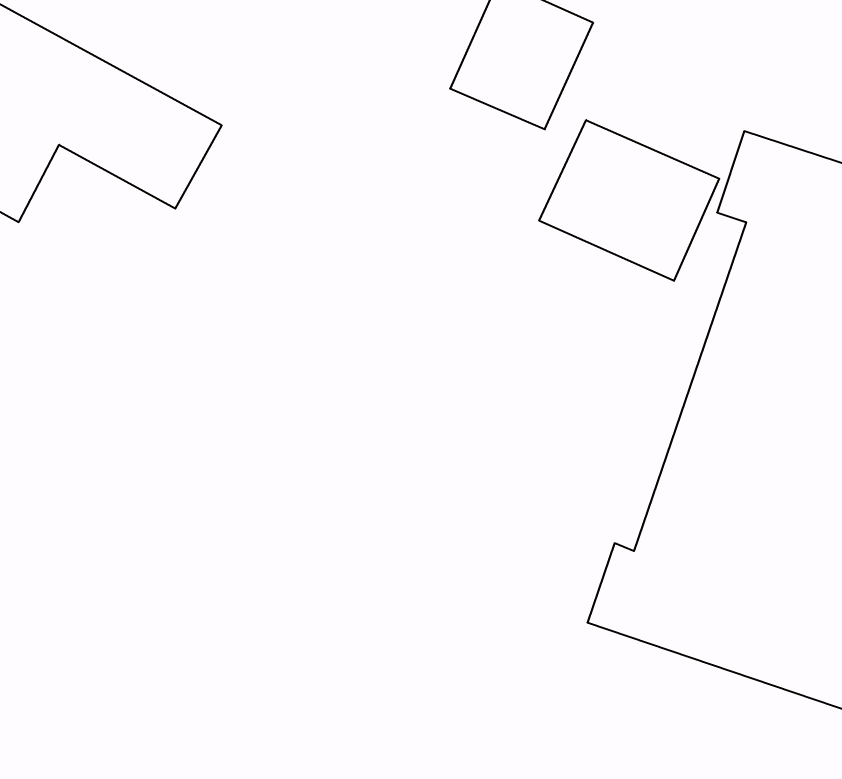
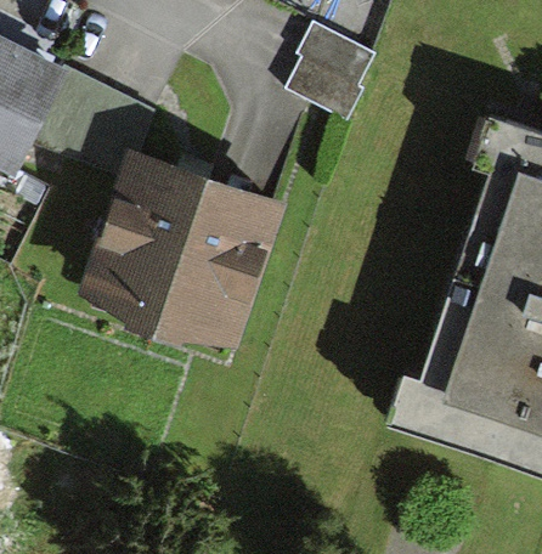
building: [539,120,719,281] -> none
building: none -> [96,159,282,334]

